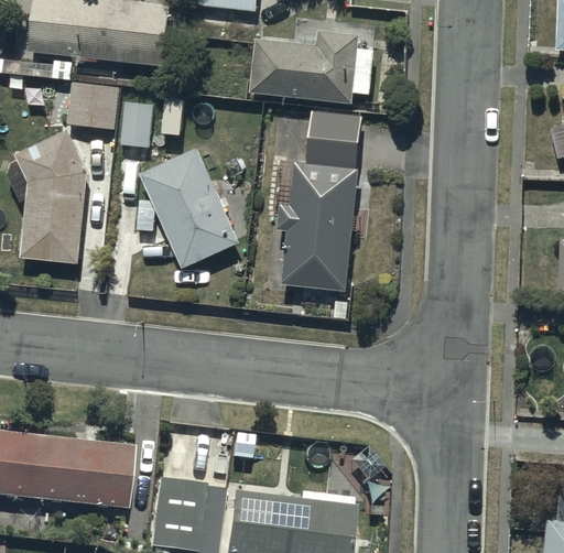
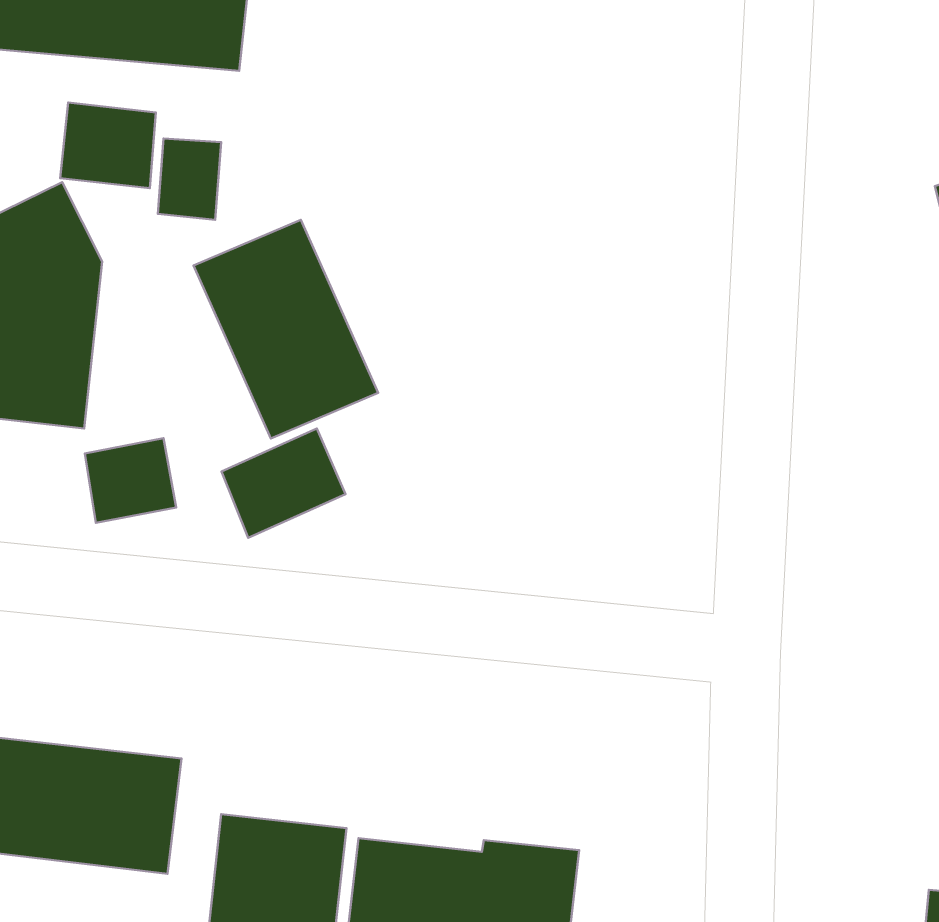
building: [250,32,373,101] -> none
building: [278,112,361,291] -> none
building: none -> [221,428,346,538]
building: none -> [85,438,176,523]

